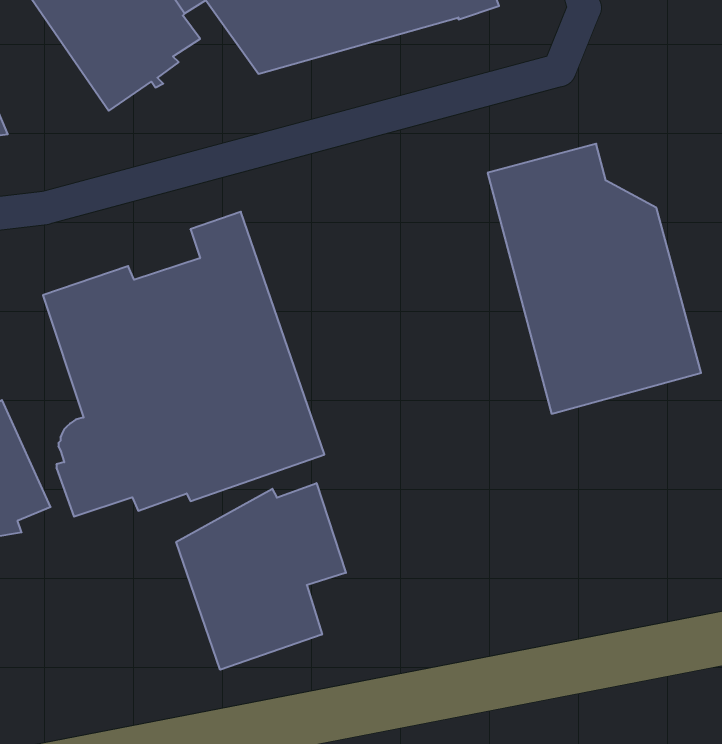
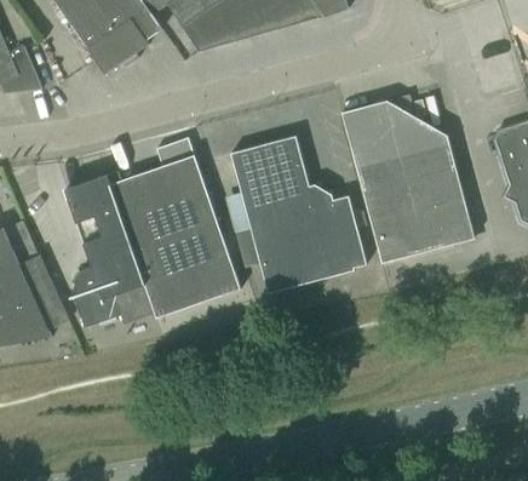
building: none -> [230,136,367,293]
building: [176,483,346,670] -> none

